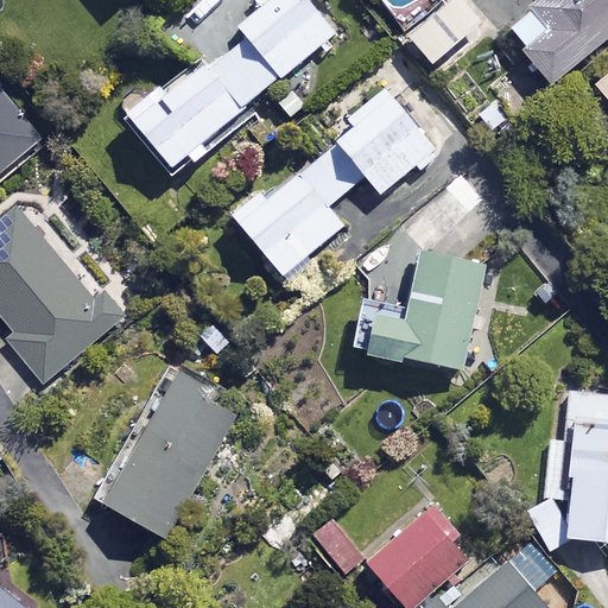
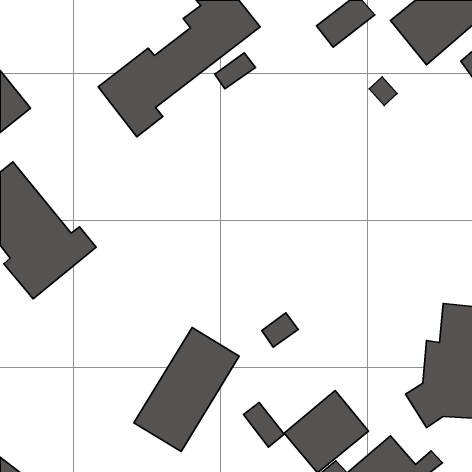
building: [232,89,433,283] -> none
building: [352,249,506,368] -> none
building: [102,375,238,534] -> [134,327,239,452]

